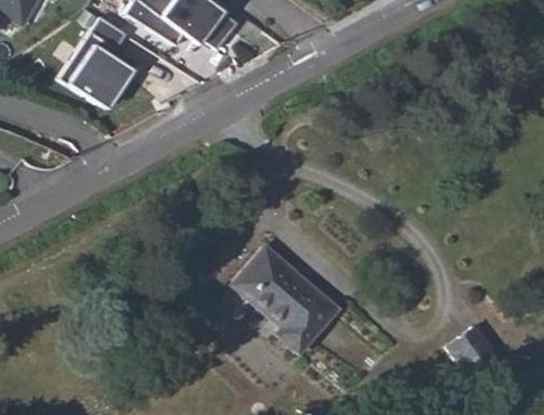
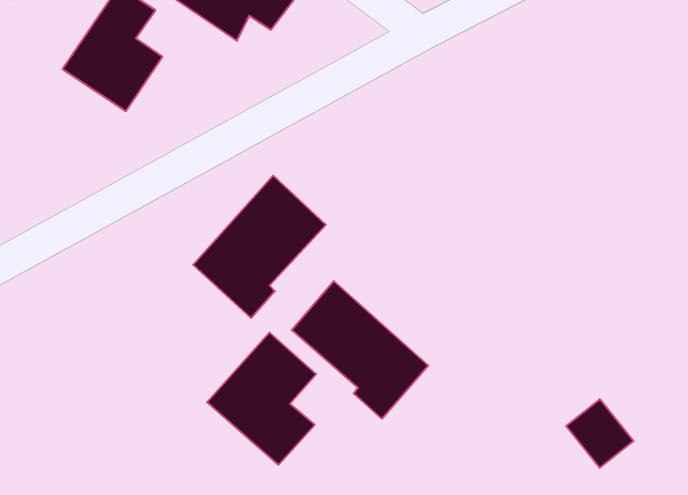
building: none -> [193,176,326,318]
building: none -> [207,332,316,465]

